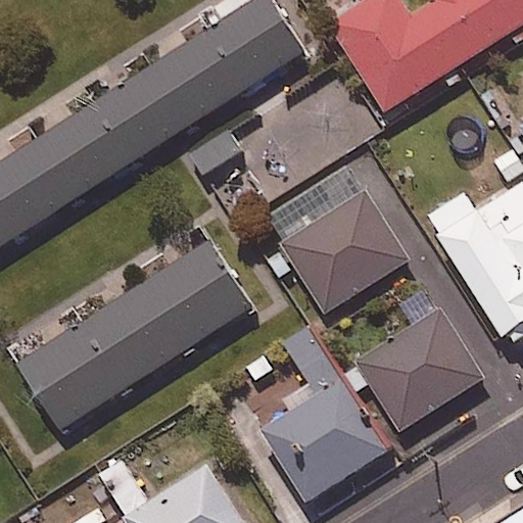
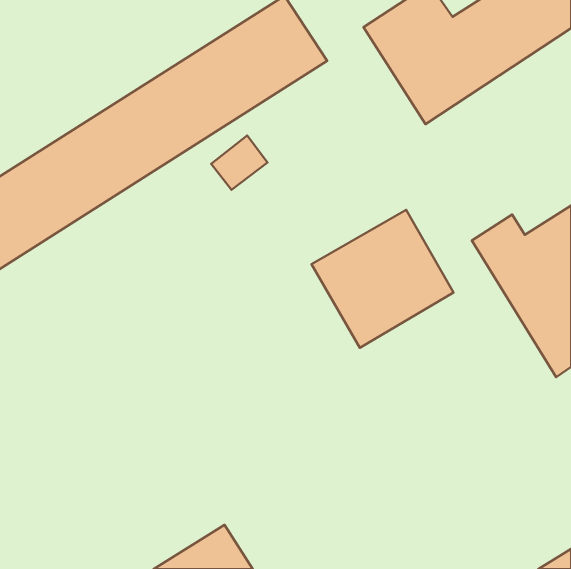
building: [20,242,250,430] -> none
building: [359,313,480,426] -> none
building: [264,388,382,503] -> none

